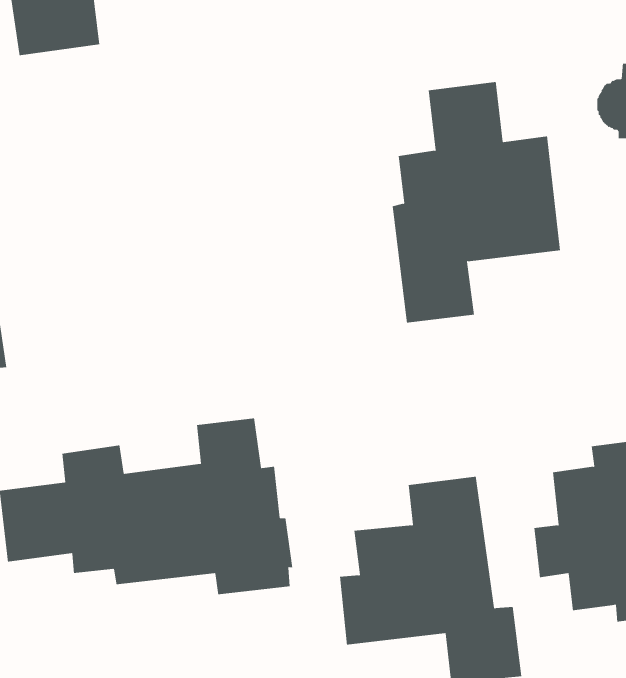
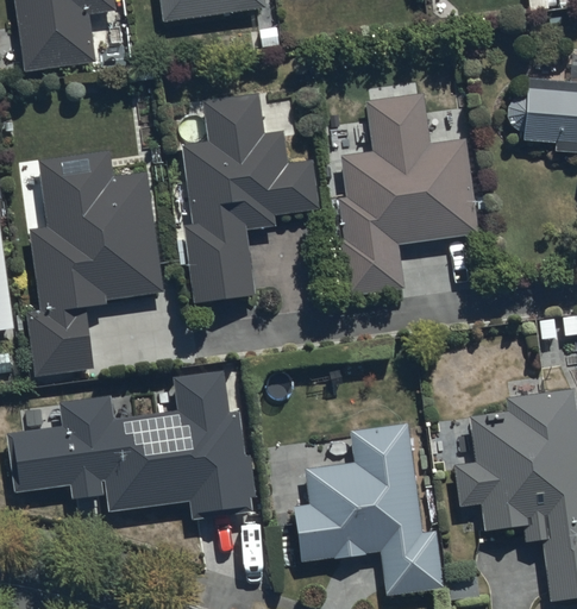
building: none -> [183,92,319,307]
building: none -> [27,150,164,372]

